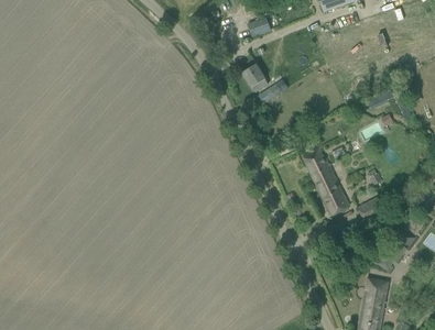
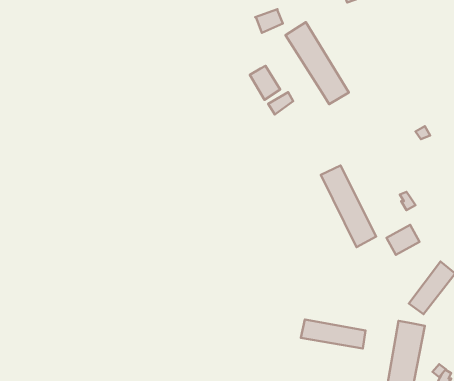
building: none -> [286,22,349,104]
building: none -> [301,319,366,349]

